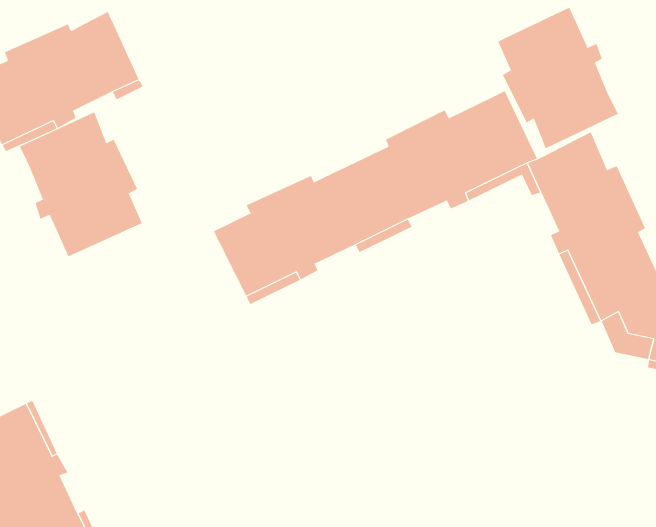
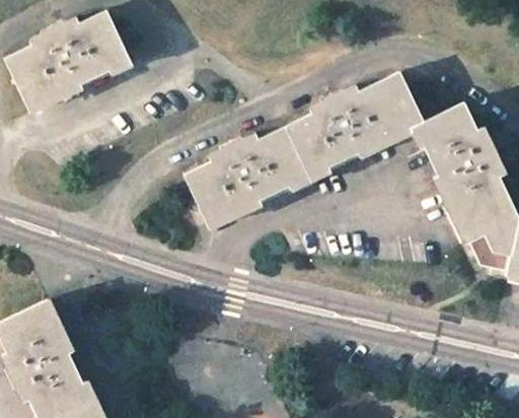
building: [497,7,618,149] -> none
building: [19,112,142,257] -> none

